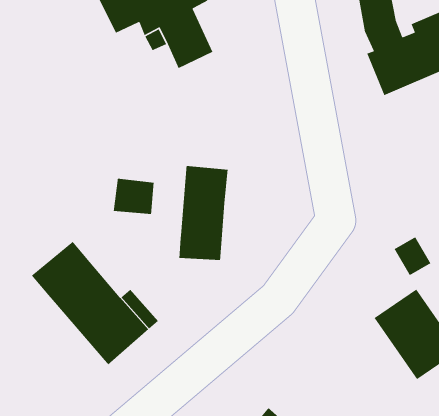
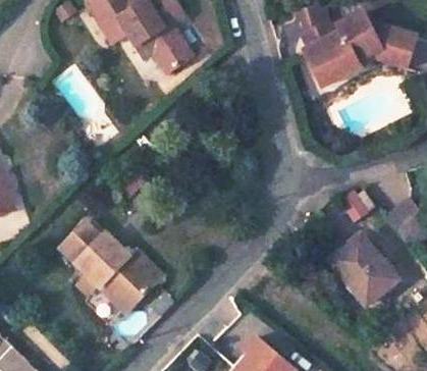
building: [178,165,228,261] -> none

